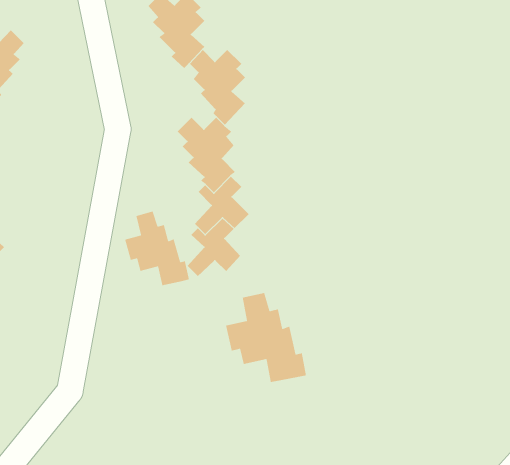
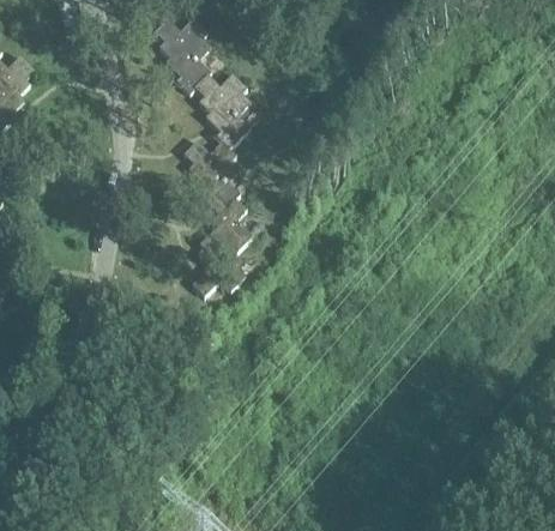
building: [124,211,190,286] -> none
building: [225,292,307,383] -> none

